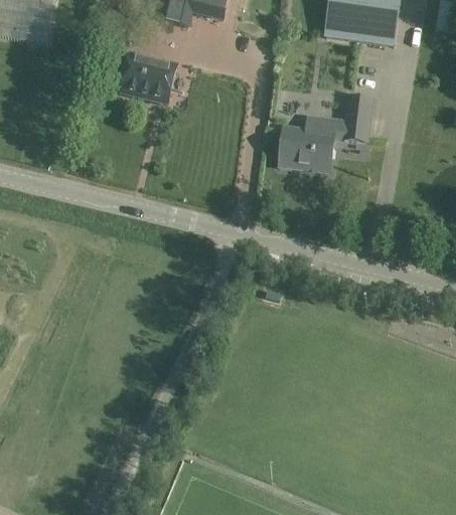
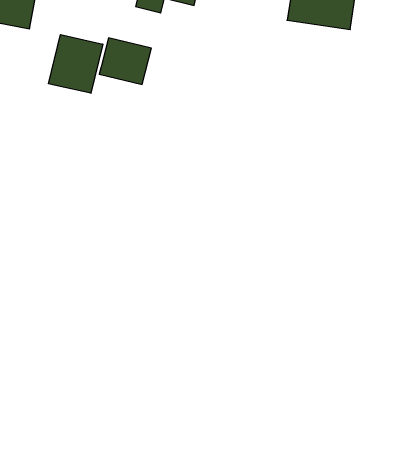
building: none -> [49,35,103,93]
building: [279,94,372,168] -> none

